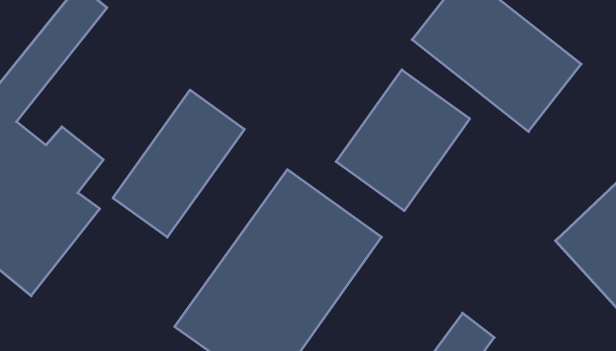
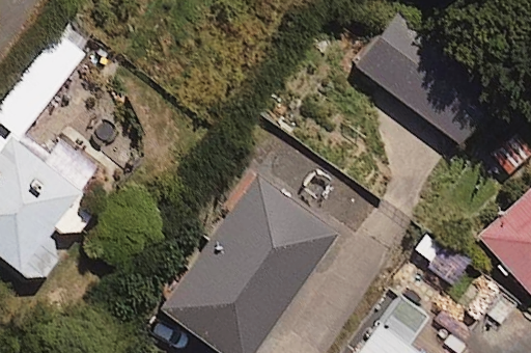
building: [336,70,470,211] -> none
building: [113,90,244,237] -> none

